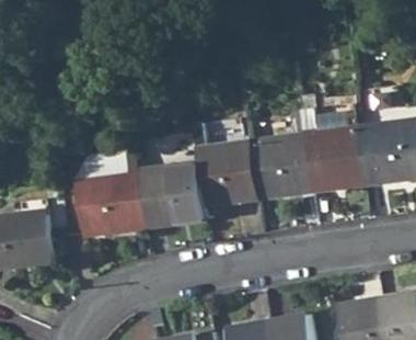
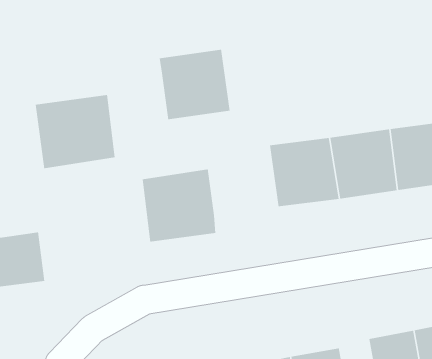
building: [199,139,262,201] -> [159,49,231,120]
building: [80,169,150,234] -> [35,94,115,169]

